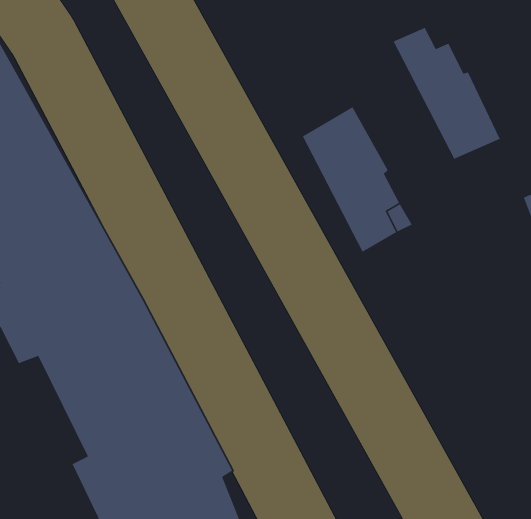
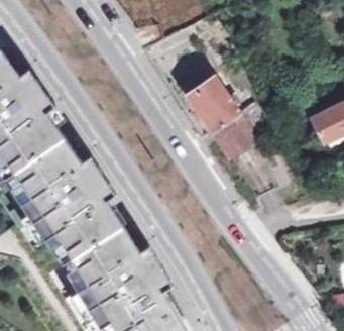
building: [393,27,501,160] -> none

